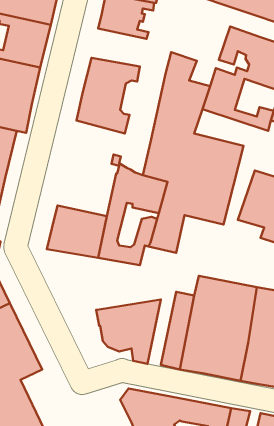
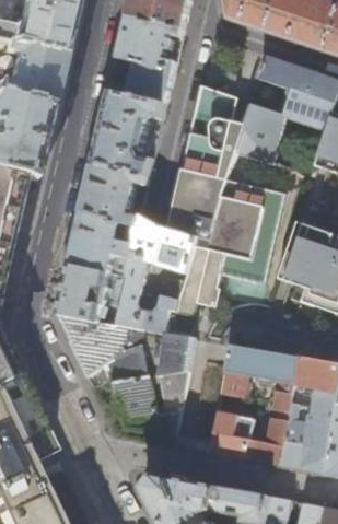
building: none -> [108,58,172,102]
building: none -> [82,164,147,214]
building: none -> [69,213,137,275]
building: none -> [57,313,195,383]

